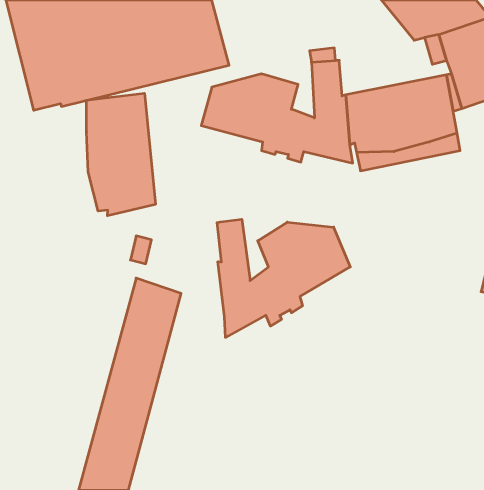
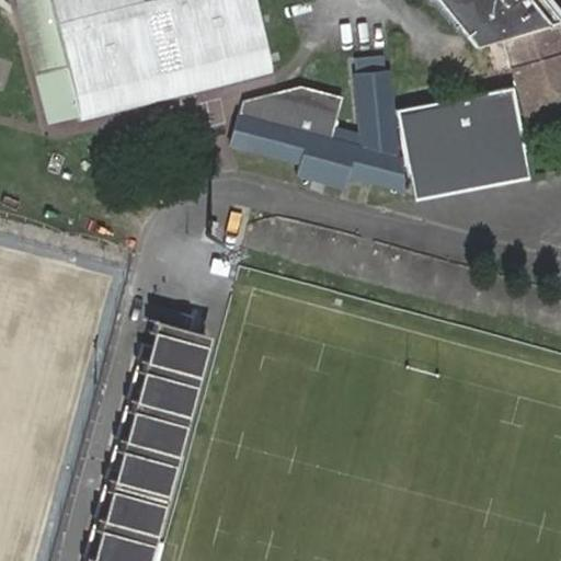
building: [86,93,155,216] -> none
building: [217,219,350,337] -> none

